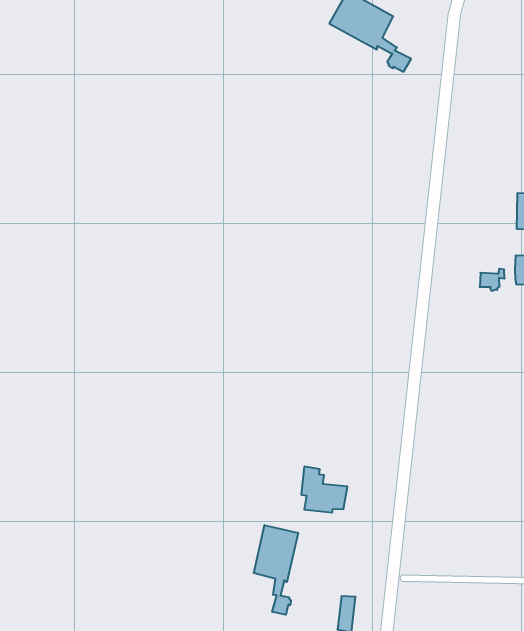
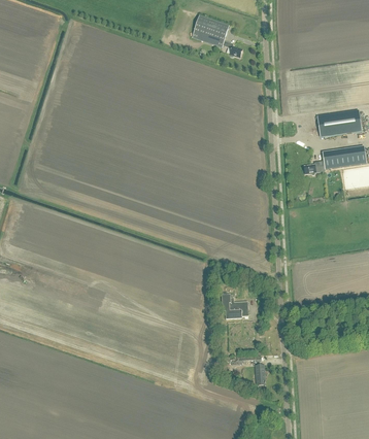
building: [254,525,298,615] -> none

